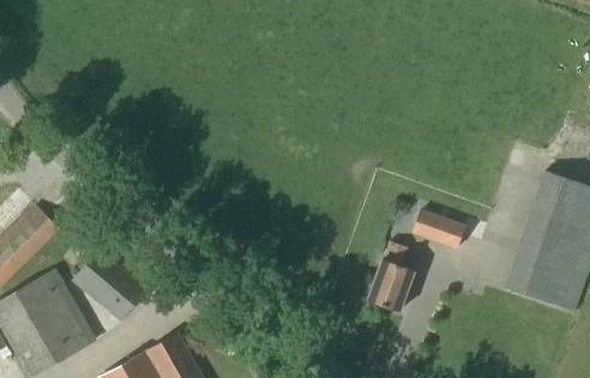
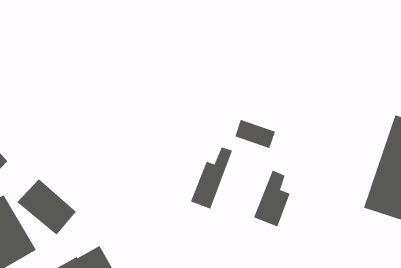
building: [413,210,464,247] -> [235,119,276,149]
building: none -> [190,147,233,210]

